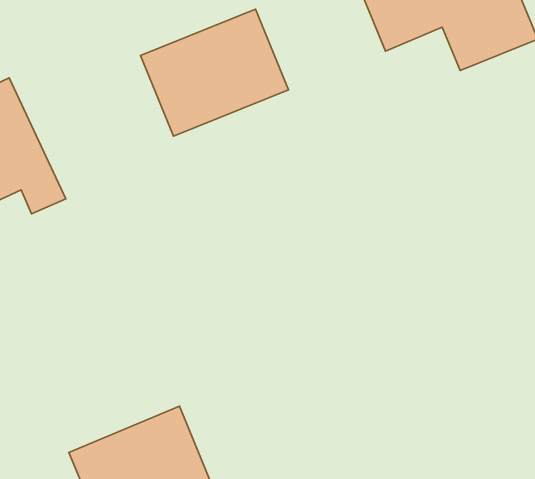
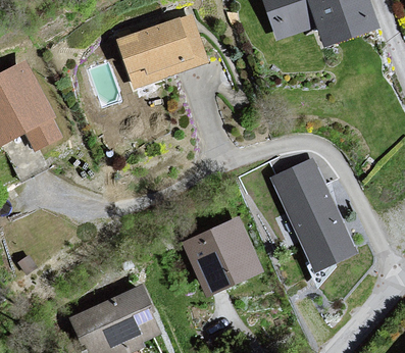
building: none -> [273,153,353,261]
building: none -> [183,218,262,299]

